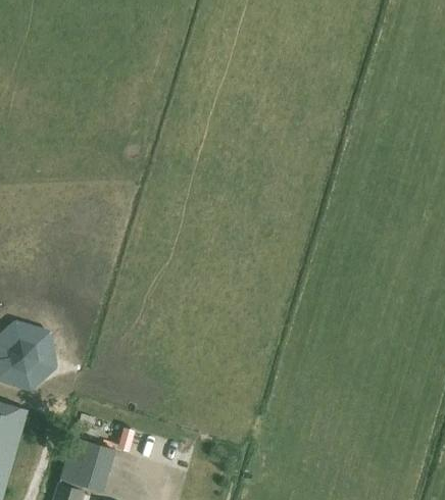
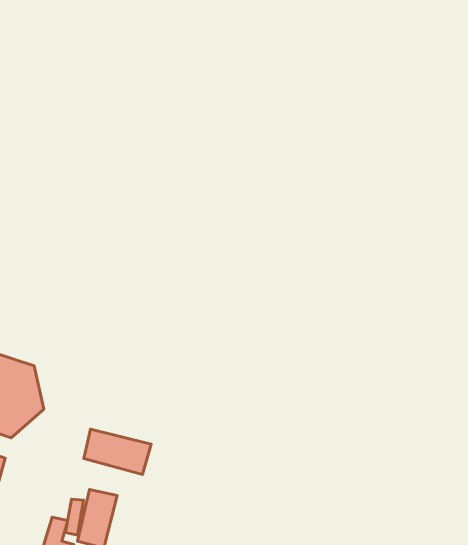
building: none -> [84,429,151,474]

